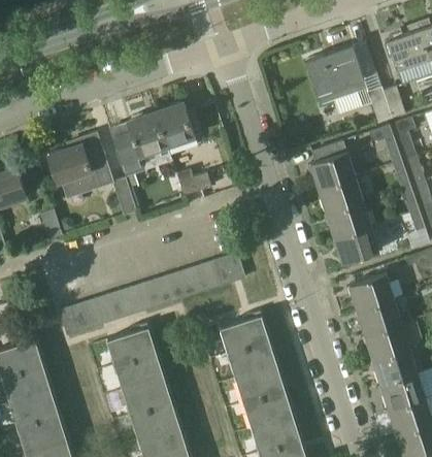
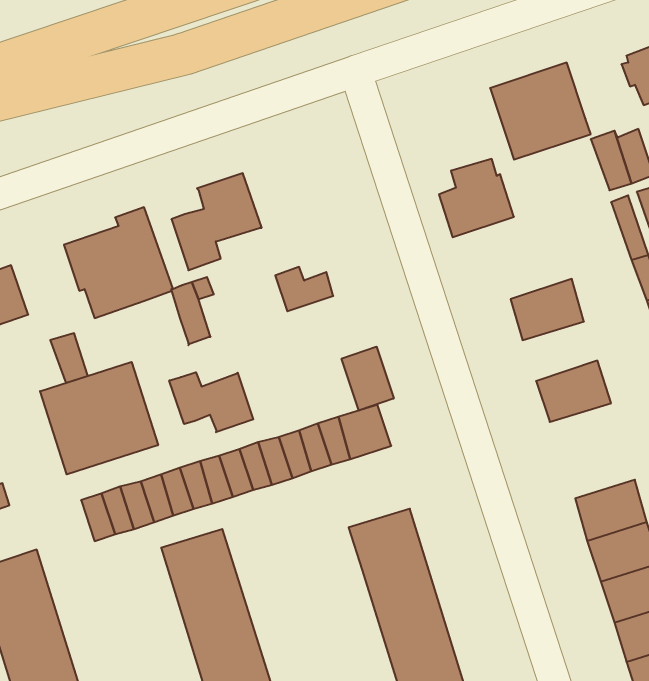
building: [157,103,198,156] -> none
building: [310,141,356,189] -> [439,159,514,237]
building: [326,202,371,238] -> none
building: none -> [342,347,394,411]
building: none -> [40,362,158,474]
building: none -> [169,372,253,432]
building: [350,273,394,309] -> none

